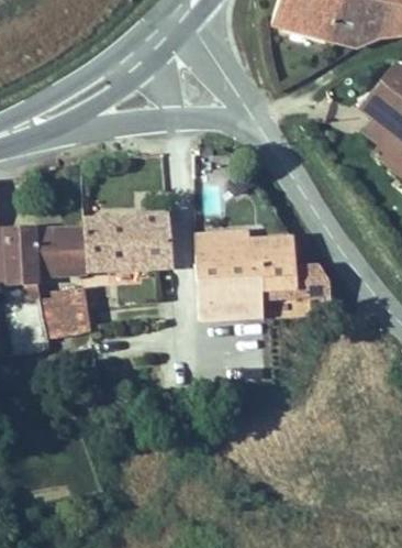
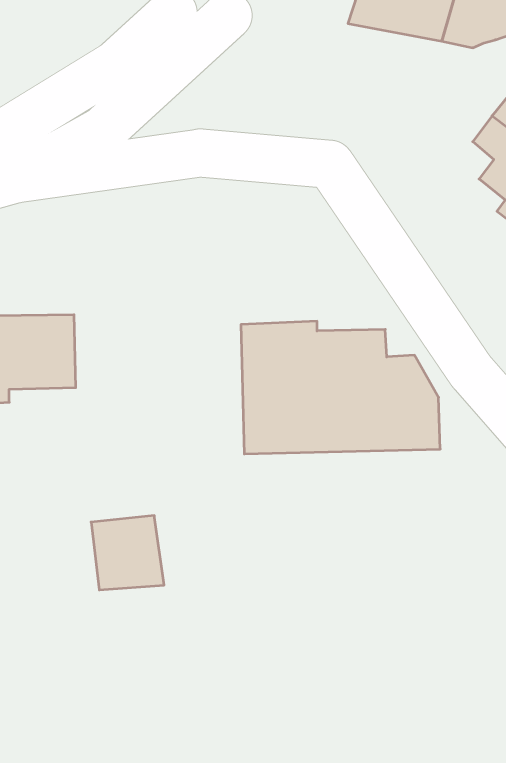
building: [83,211,172,278] -> none
building: [42,286,91,337] -> [91,516,164,590]

